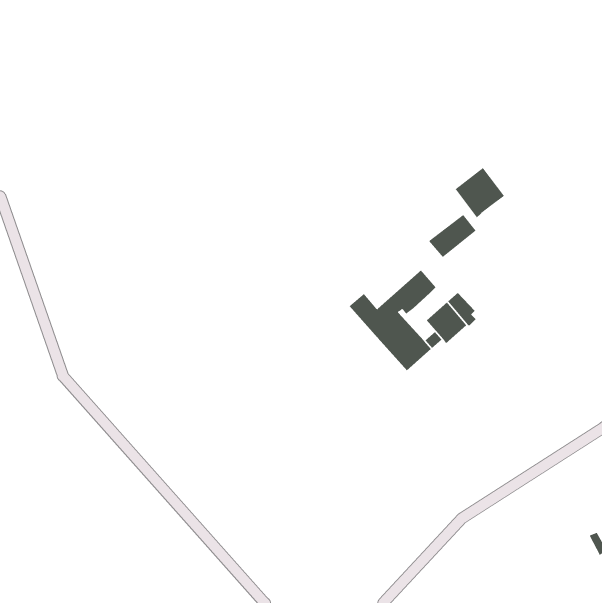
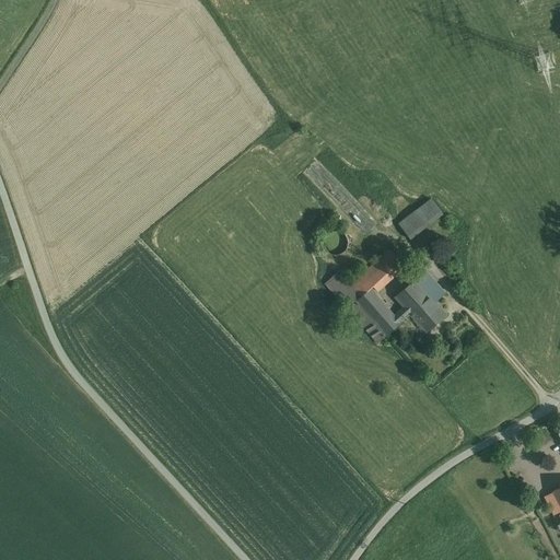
building: [455,167,505,218] -> none
building: none -> [415,301,447,332]

